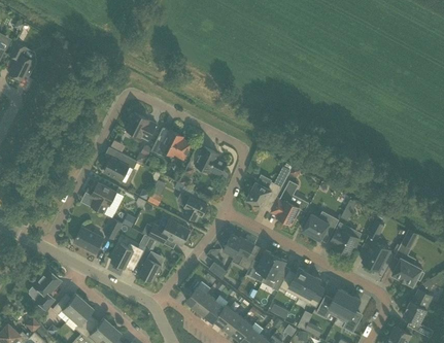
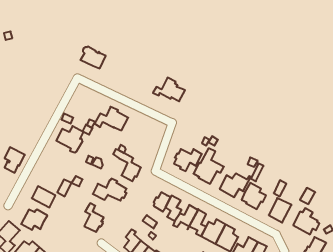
building: [126,113,157,140] -> [80,46,106,68]
building: [187,147,227,176] -> [153,78,185,101]
building: [92,183,116,214] -> [5,147,25,173]
building: [111,244,143,269] -> [21,210,47,230]

